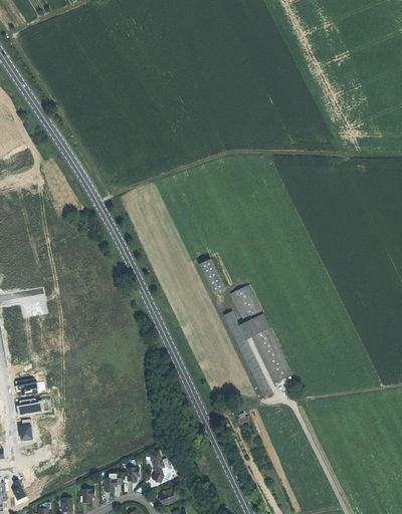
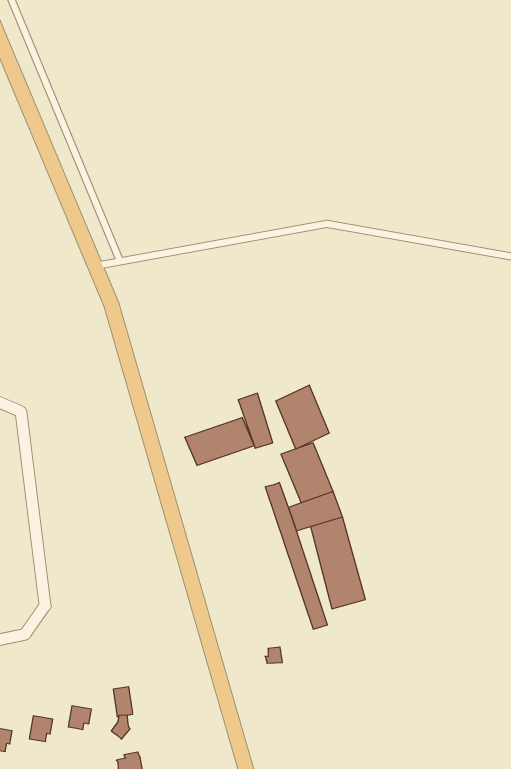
building: none -> [276,385,329,449]
building: none -> [185,417,254,466]

